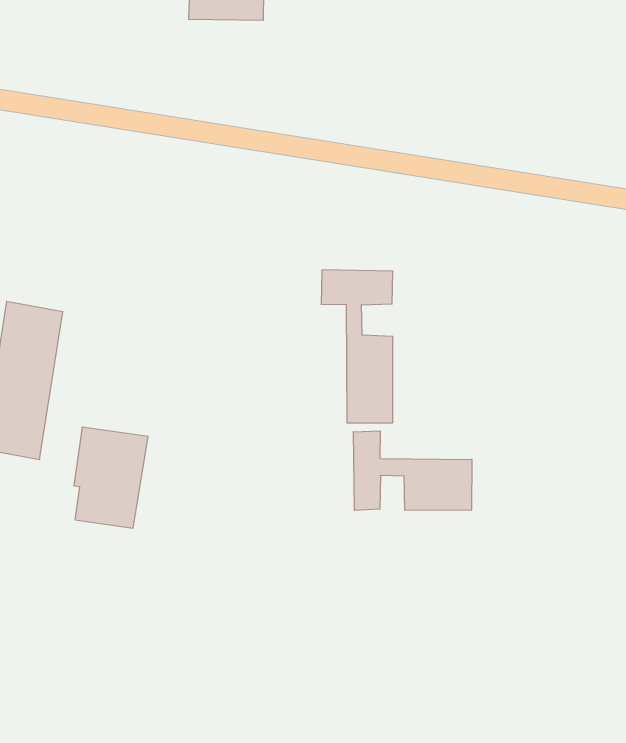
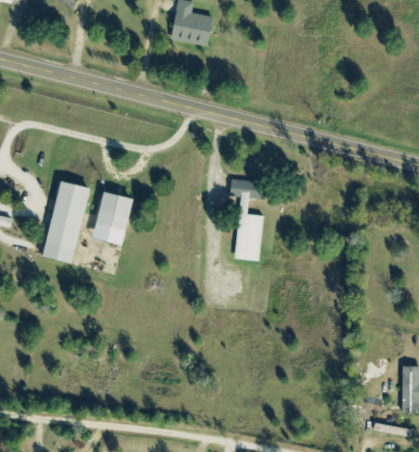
building: [74,427,148,528] -> [93,189,135,244]
building: [353,431,472,510] -> none

